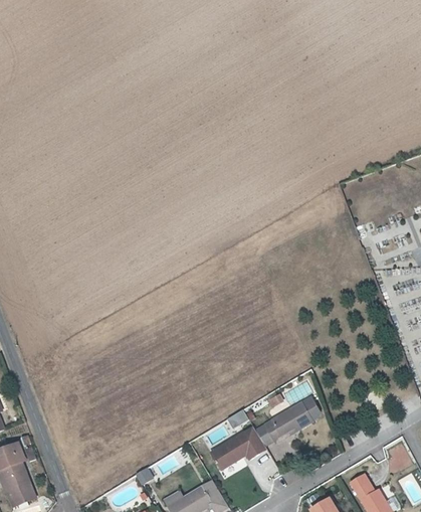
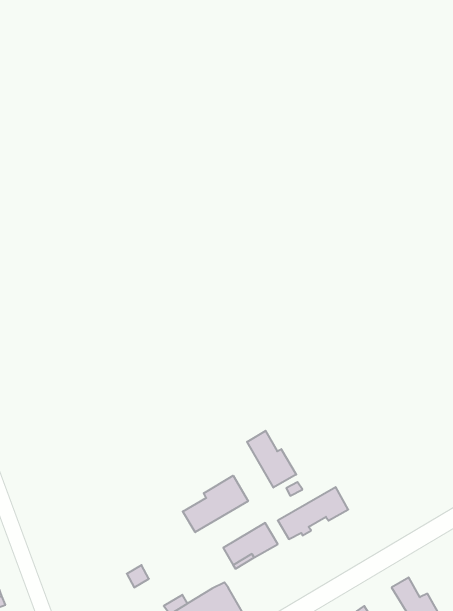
building: none -> [247,431,296,488]
building: none -> [183,476,248,532]

